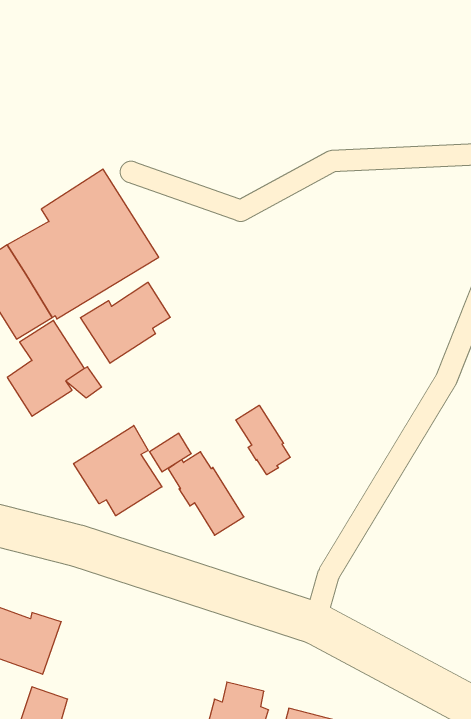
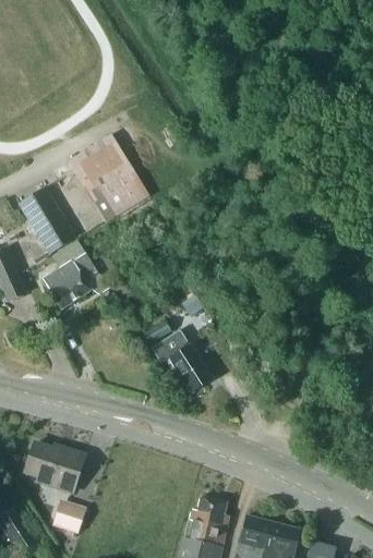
building: [80,282,170,363] -> none
building: [236,405,290,475] -> none
building: [74,425,162,516] -> none

